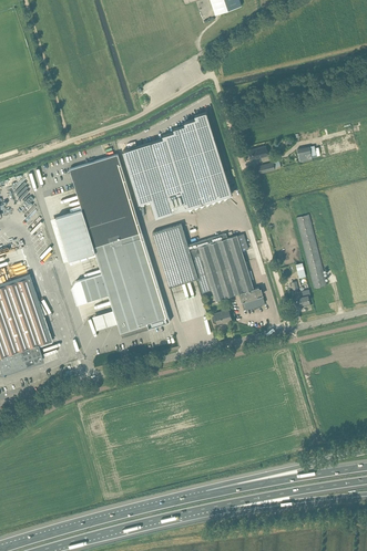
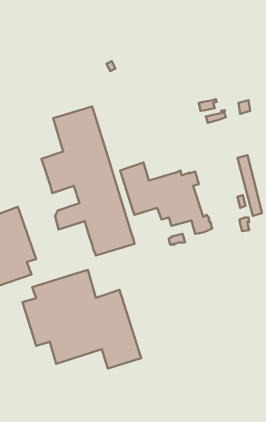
building: [122,112,232,217] -> none
building: none -> [23,270,141,369]

